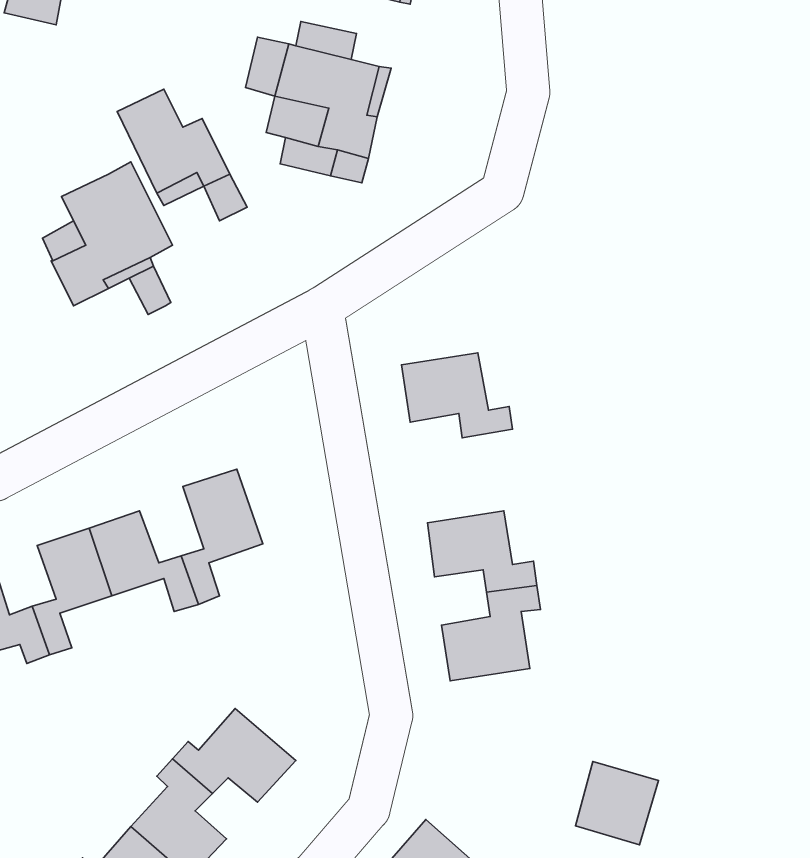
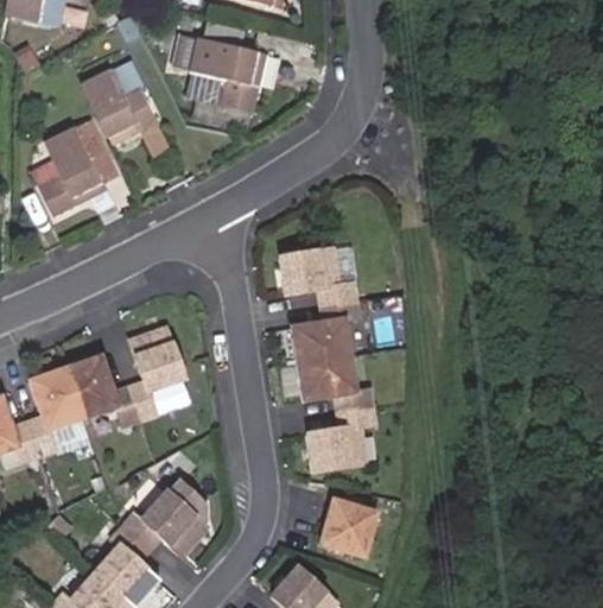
building: none -> [291,299,357,363]
building: [575,762,659,845] -> [319,499,376,556]

